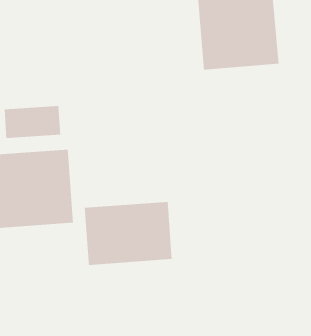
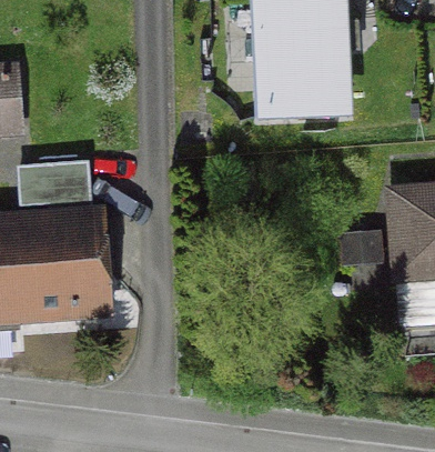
building: [84,201,173,266] -> none

